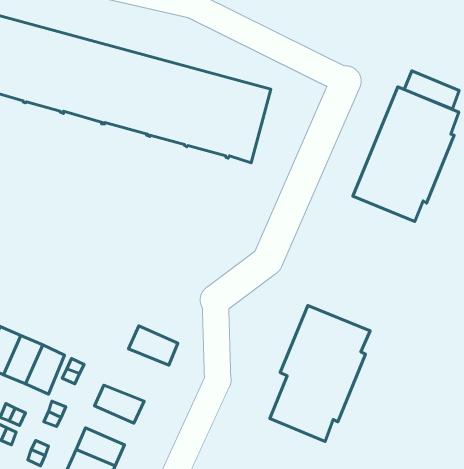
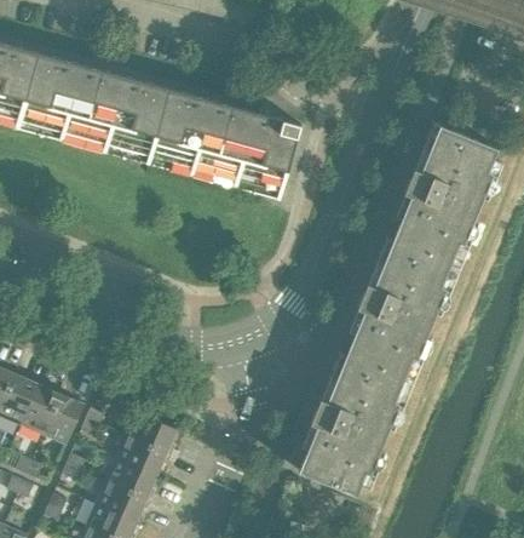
building: [404,71,459,109] -> none
building: none -> [340,237,453,379]
building: [128,326,178,365] -> [126,412,178,453]
building: none -> [106,458,157,499]

